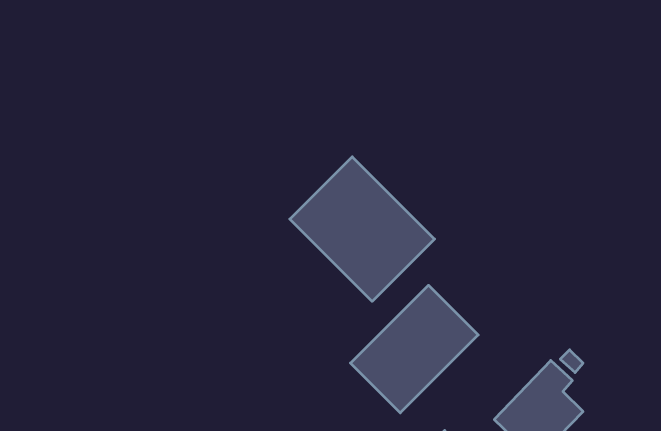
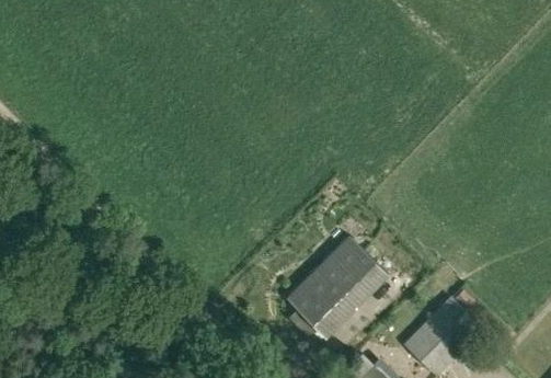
building: [290,157,435,301] -> none

